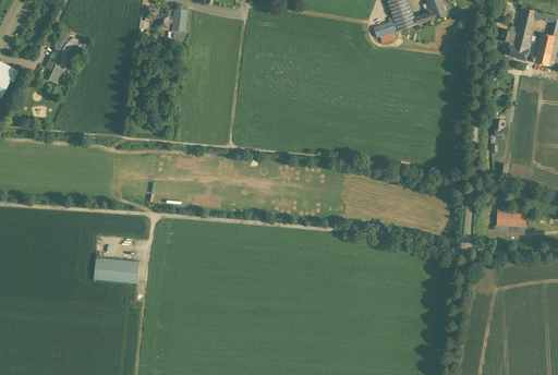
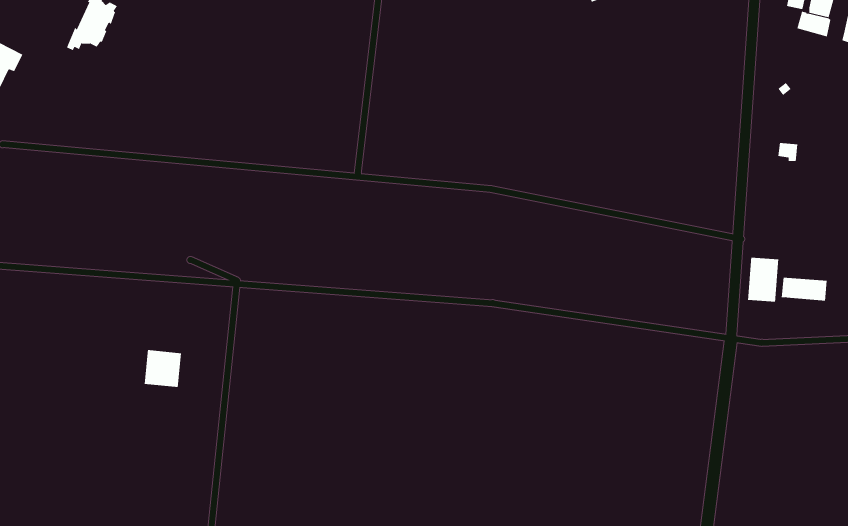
building: none -> [747,257,779,303]
building: [116,259,138,283] -> none

